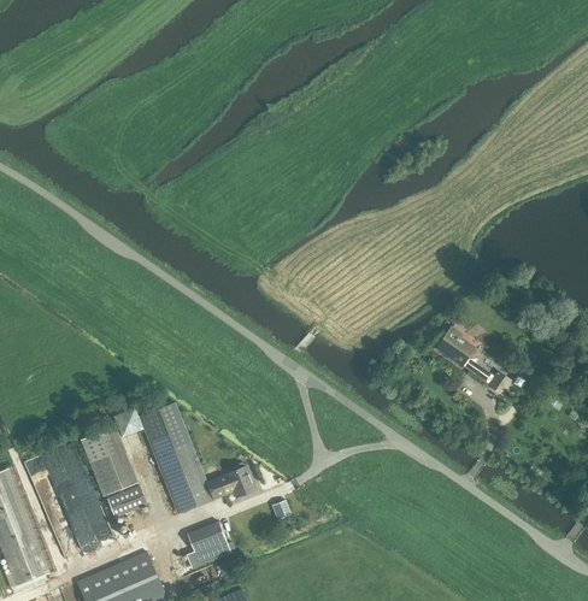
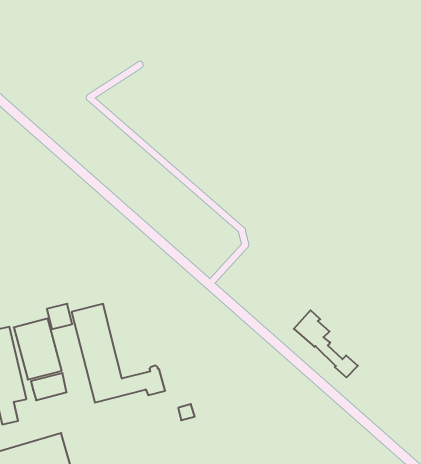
building: [436,326,512,395] -> [294,310,358,377]
building: [187,522,231,568] -> none

